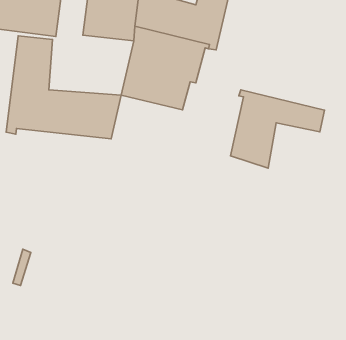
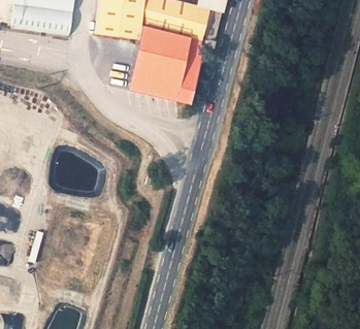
building: [6,36,121,139] -> none
building: [230,90,324,168] -> none

